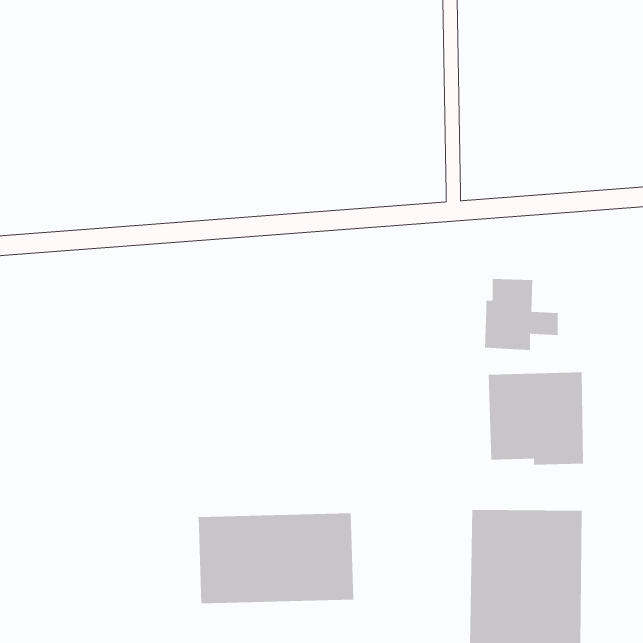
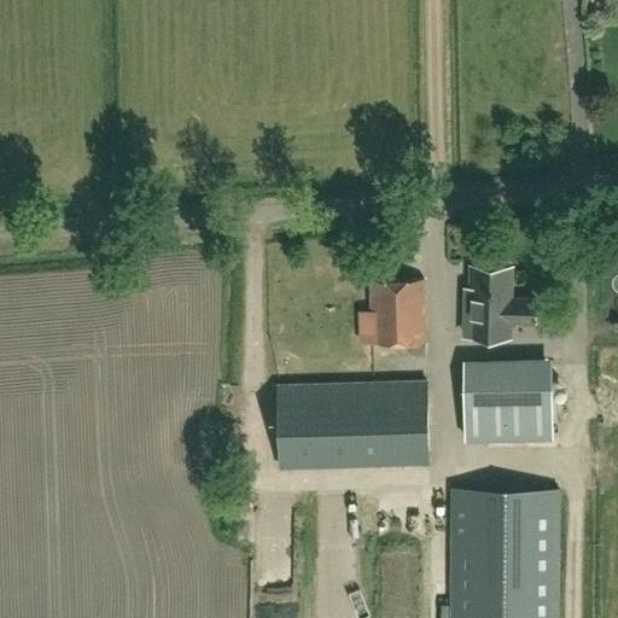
building: none -> [369,279,425,344]
building: [198,513,354,604] -> [278,383,427,470]

